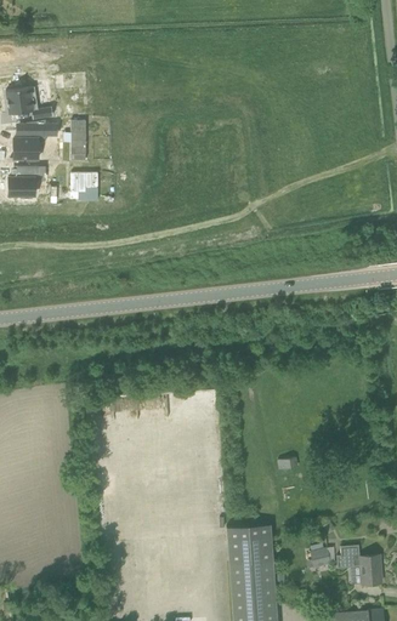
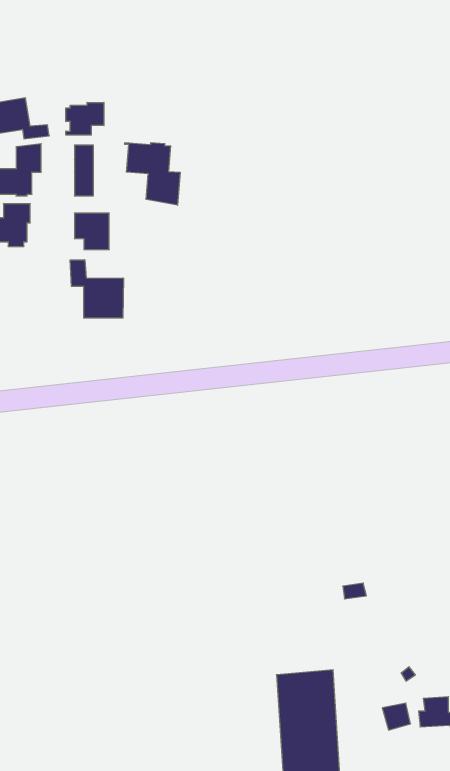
building: none -> [66,102,104,135]
building: none -> [125,143,180,205]
building: none -> [70,260,123,318]

